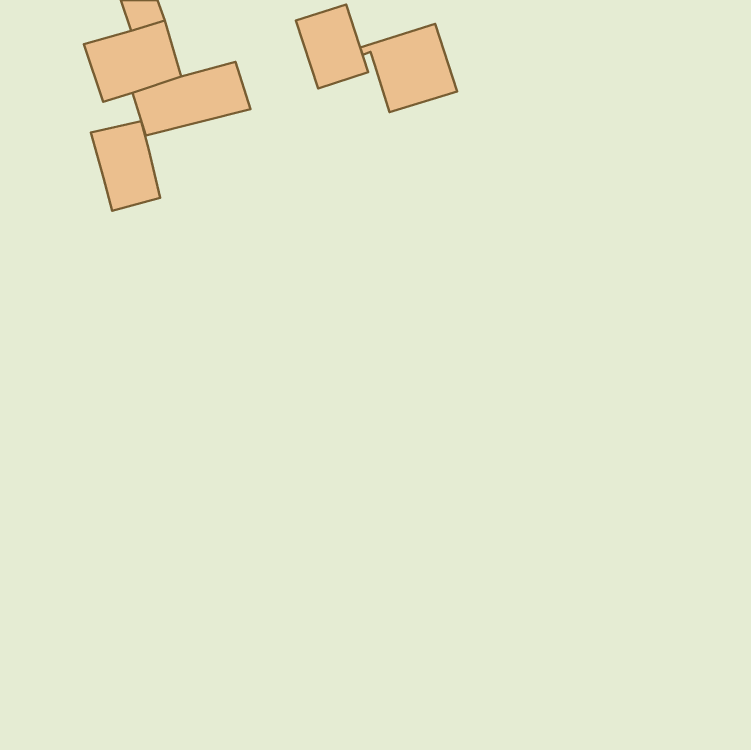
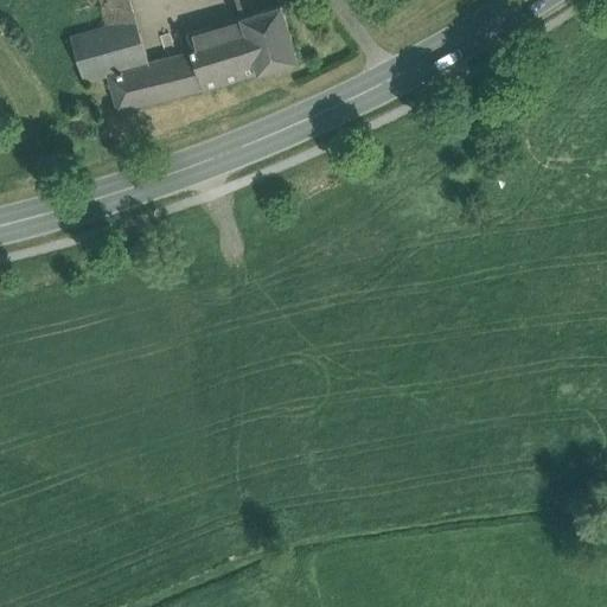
building: [360,24,457,112] -> [178,19,256,90]
building: [91,121,160,211] -> none

